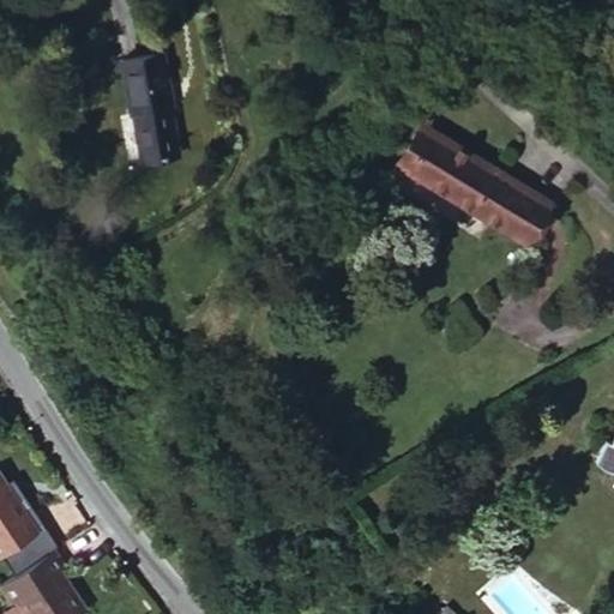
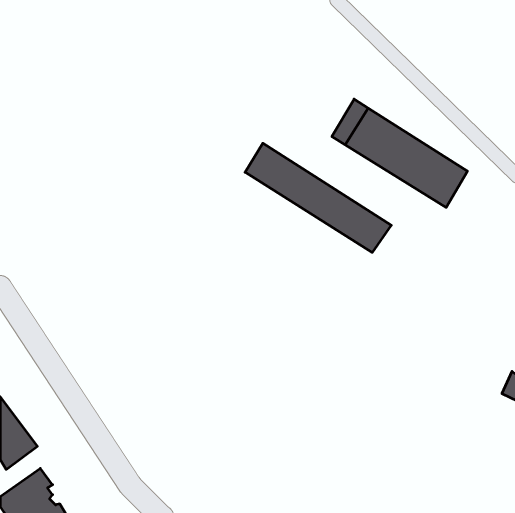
building: [124,56,176,161] -> none
building: none -> [245,143,391,252]

